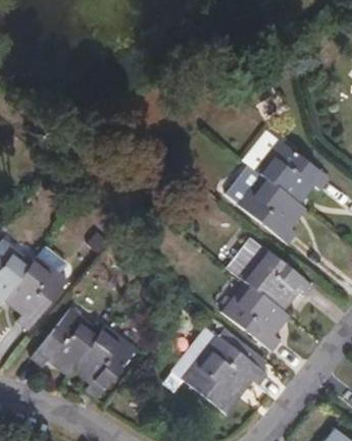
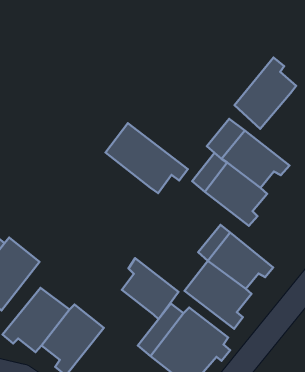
building: none -> [234,58,296,129]
building: none -> [106,123,188,193]
building: none -> [122,258,178,319]

